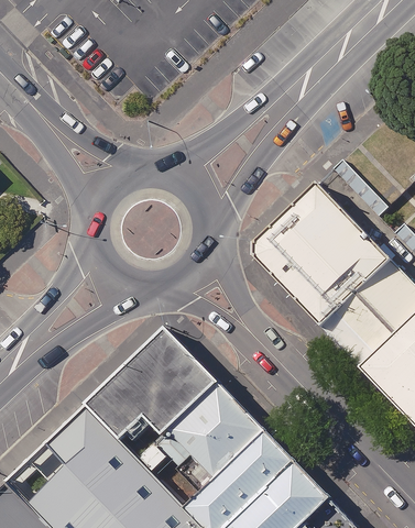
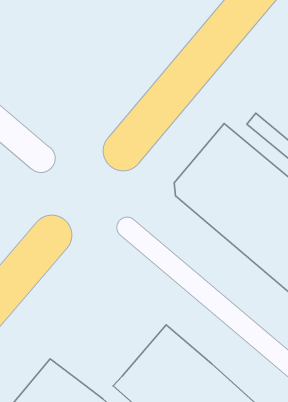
building: [90,338,223,447] -> none

